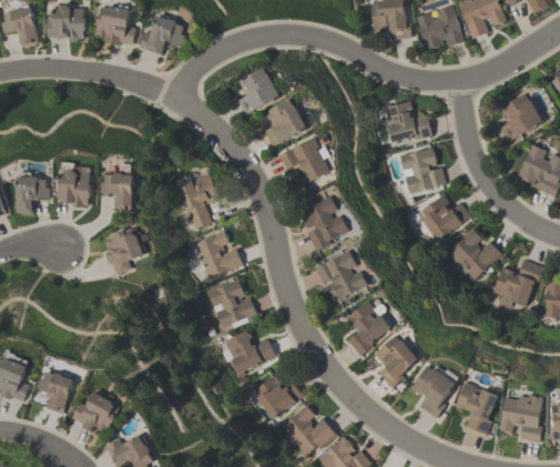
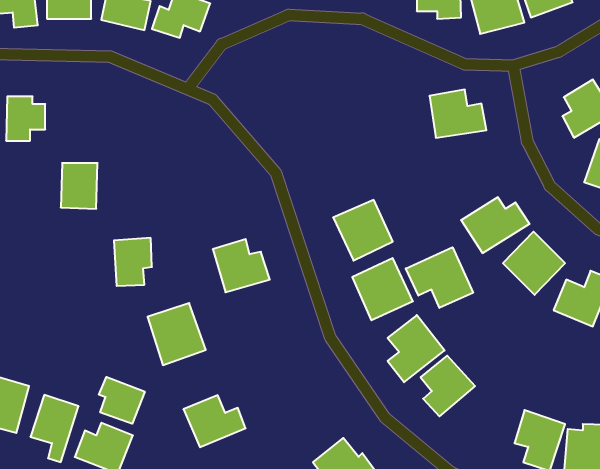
building: [236,65,282,114] -> none
building: [261,98,307,148] -> none
building: [277,138,330,189] -> none
building: [397,145,445,193] -> none
building: [101,172,135,210] -> none
building: [14,173,49,212] -> [6,96,45,141]
building: [174,173,218,230] -> none
building: none -> [406,247,473,308]
building: [205,277,256,332] -> [147,303,206,365]
building: [220,329,274,375] -> [183,395,246,447]
building: none -> [99,377,145,424]
building: [411,361,460,418] -> none
building: [252,372,301,420] -> none

